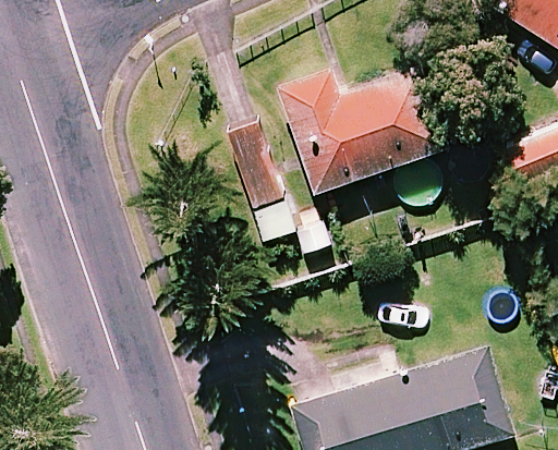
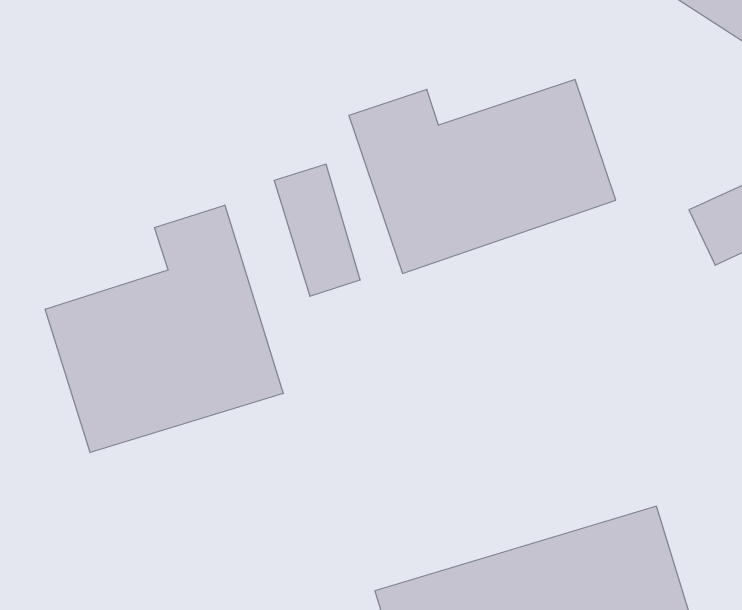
building: none -> [45,205,283,453]

